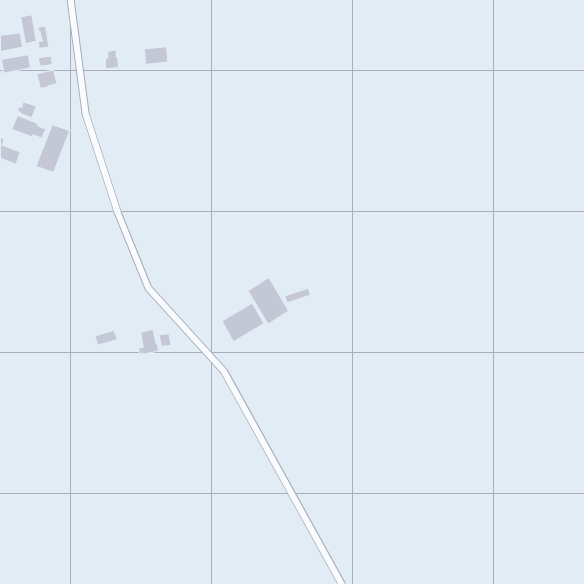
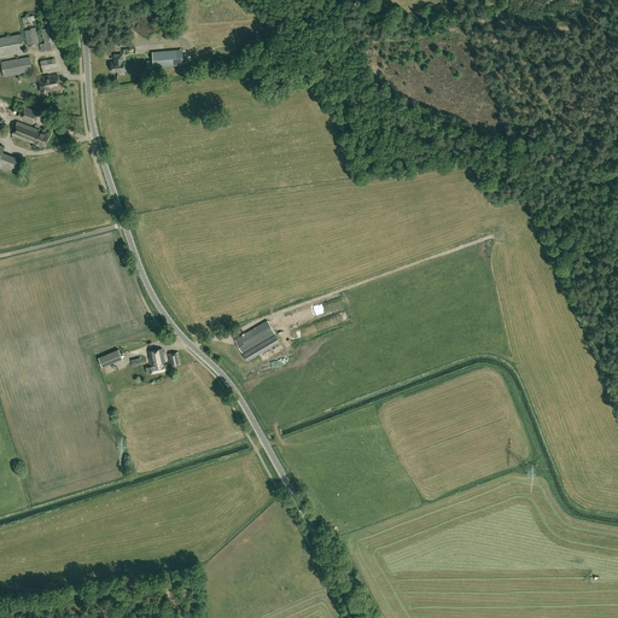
building: [36,124,70,173] -> none
building: [248,277,289,324] -> none

